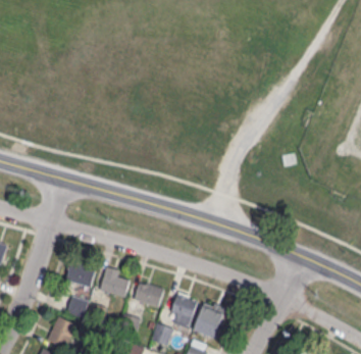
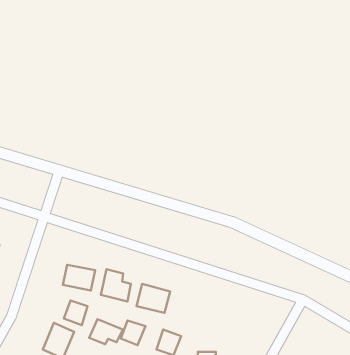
building: [168,293,198,327] -> none
building: [193,300,225,338] -> none
building: none -> [89,319,123,344]

